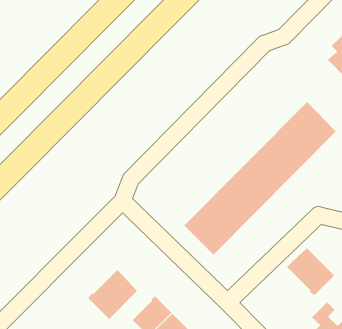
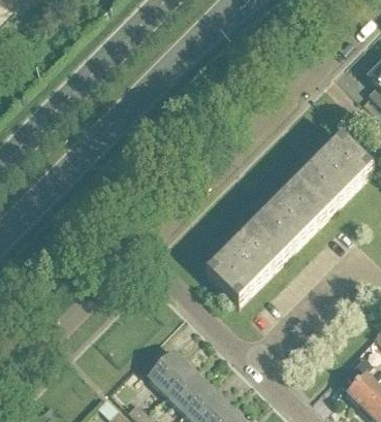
building: [286,247,335,296] -> none
building: [87,269,138,320] -> none

